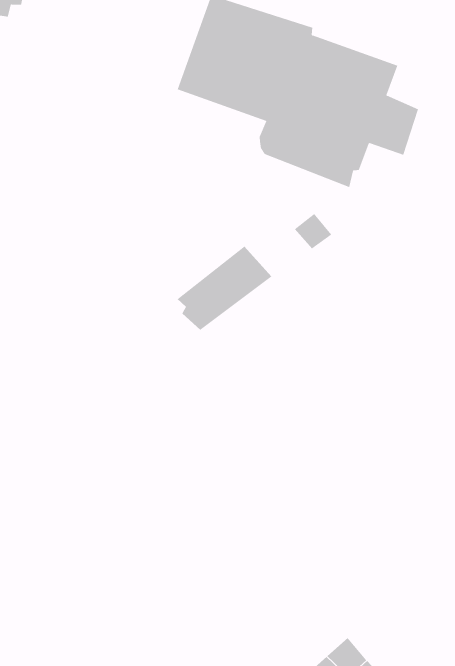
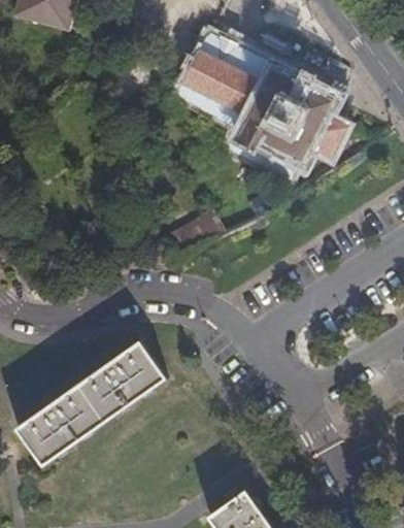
building: none -> [19,340,165,463]

